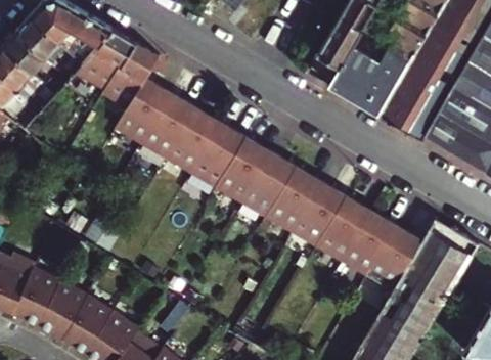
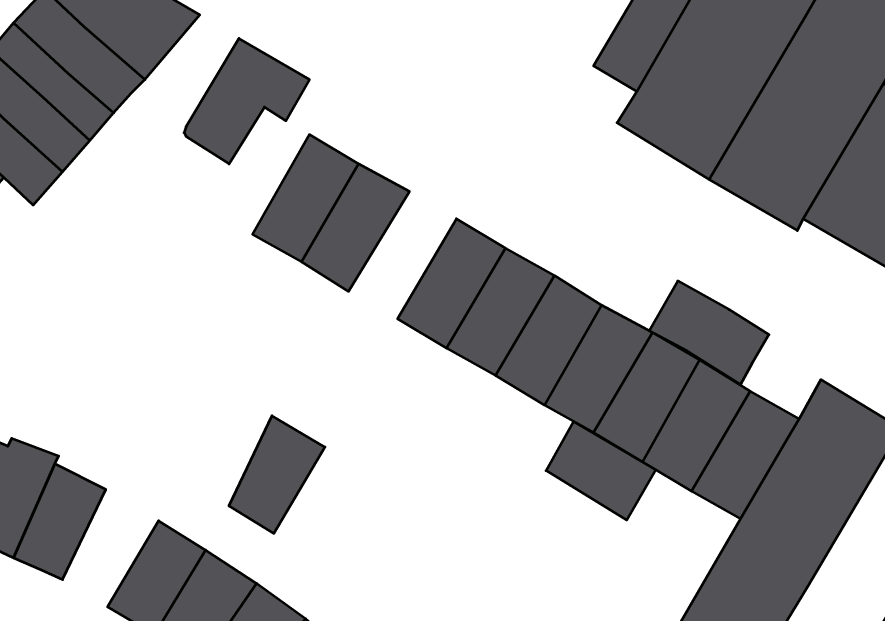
building: [77,31,133,89] -> none
building: [116,79,170,145] -> none
building: [190,123,247,189] -> none
building: none -> [649,281,769,385]
building: none -> [546,421,656,520]
building: [41,278,91,340] -> [229,416,325,533]

